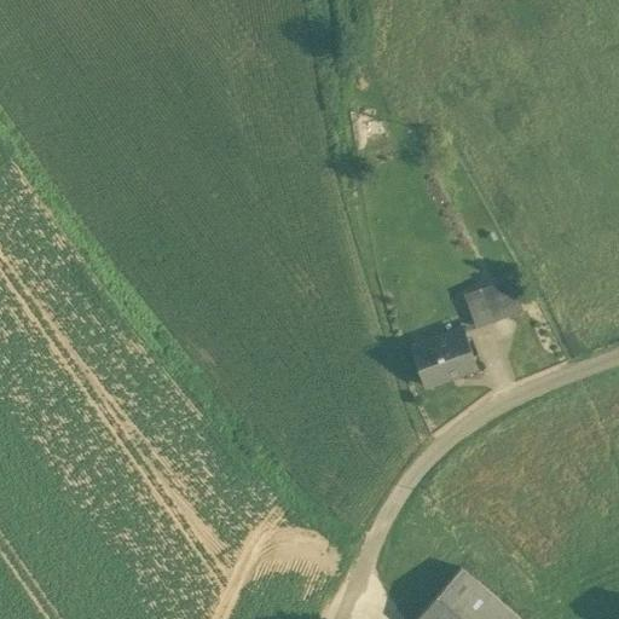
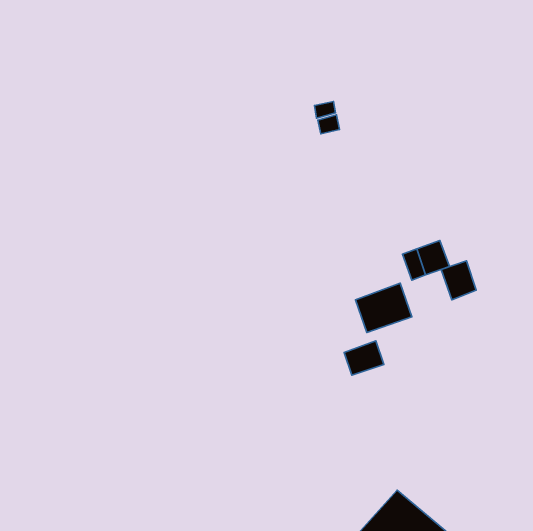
building: none -> [441,261,476,300]
building: none -> [344,341,384,375]

